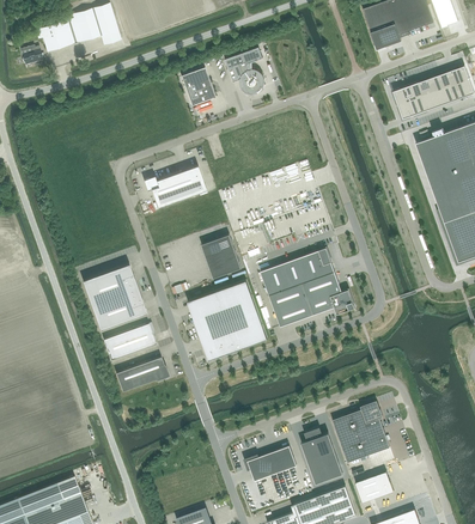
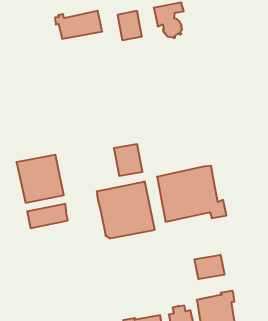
building: [145,165,207,207] -> [55,11,102,39]
building: [116,357,168,391] -> none
building: none -> [195,255,224,279]

